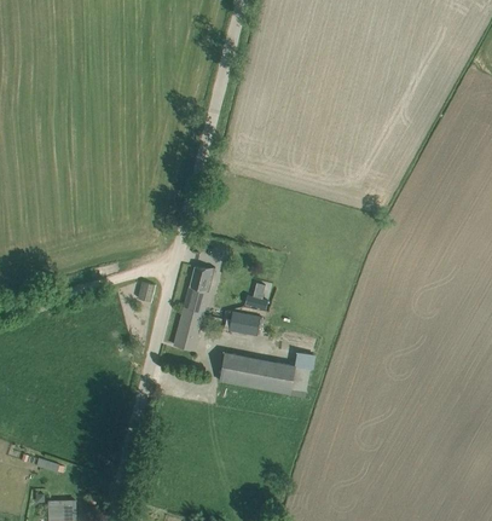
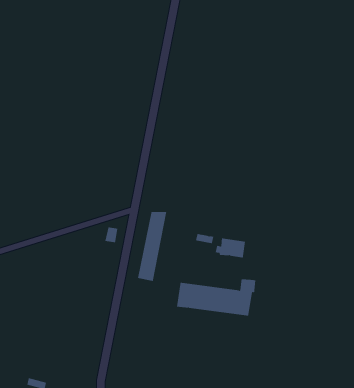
building: [222,311,260,336] -> [215,238,246,258]

